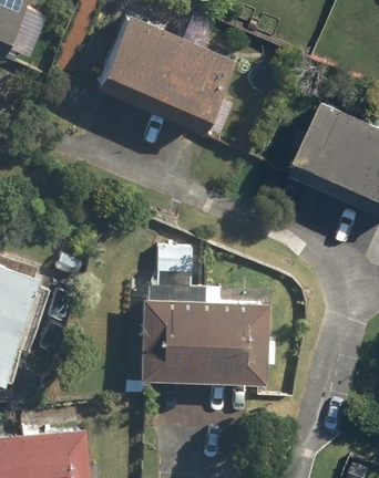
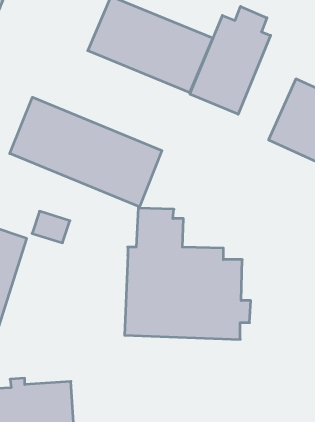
building: none -> [190,6,271,114]
building: none -> [10,97,162,207]

